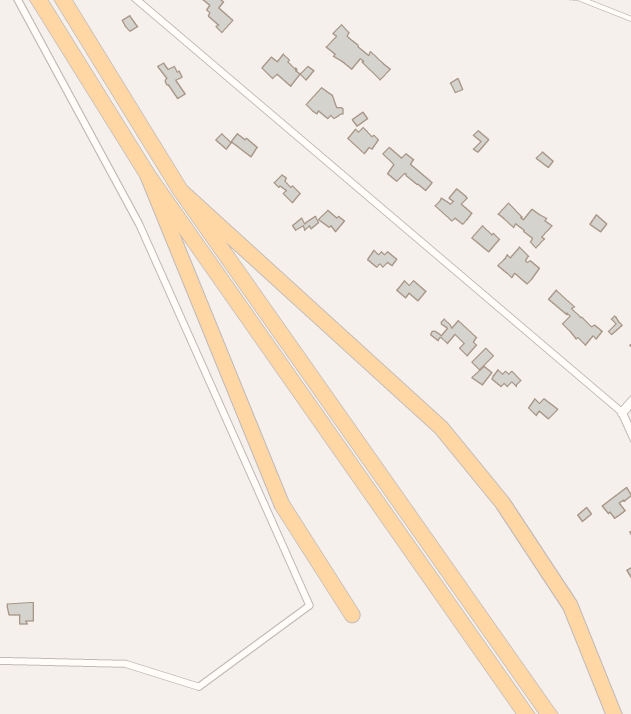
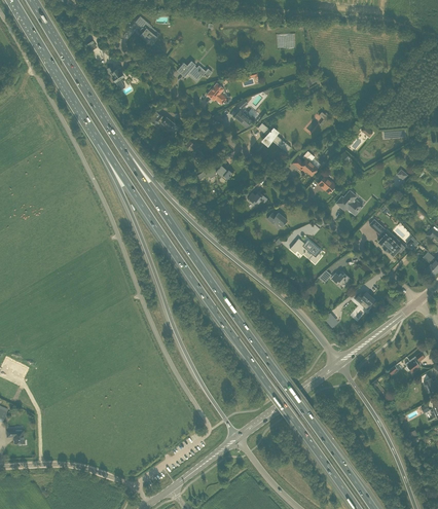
building: [326,25,390,80] -> none
building: [498,203,552,248] -> none

